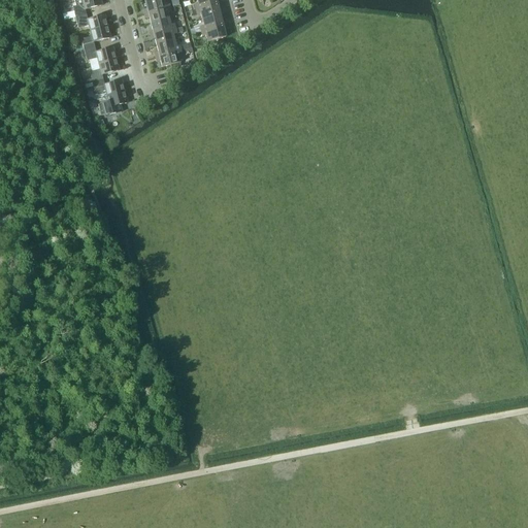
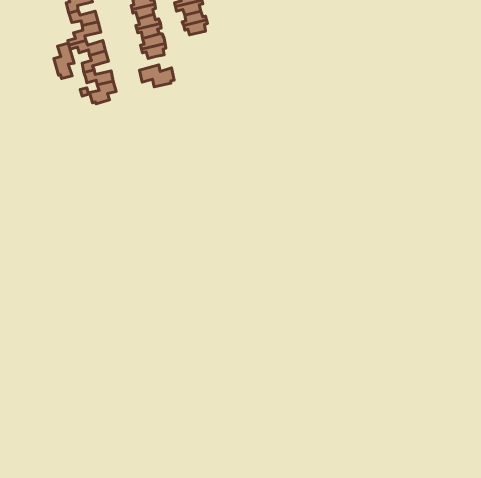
building: none -> [54,43,74,79]
building: none -> [139,65,174,87]

